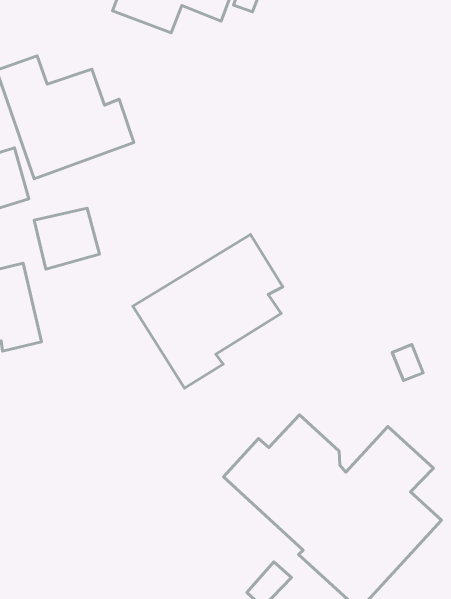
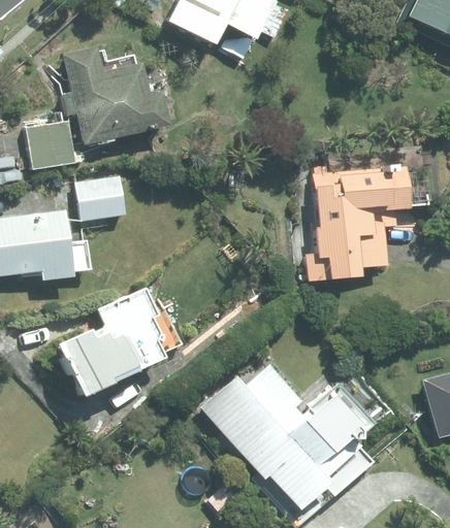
building: none -> [306,165,411,278]
building: [133,235,283,388] -> none
building: none -> [54,289,165,397]

